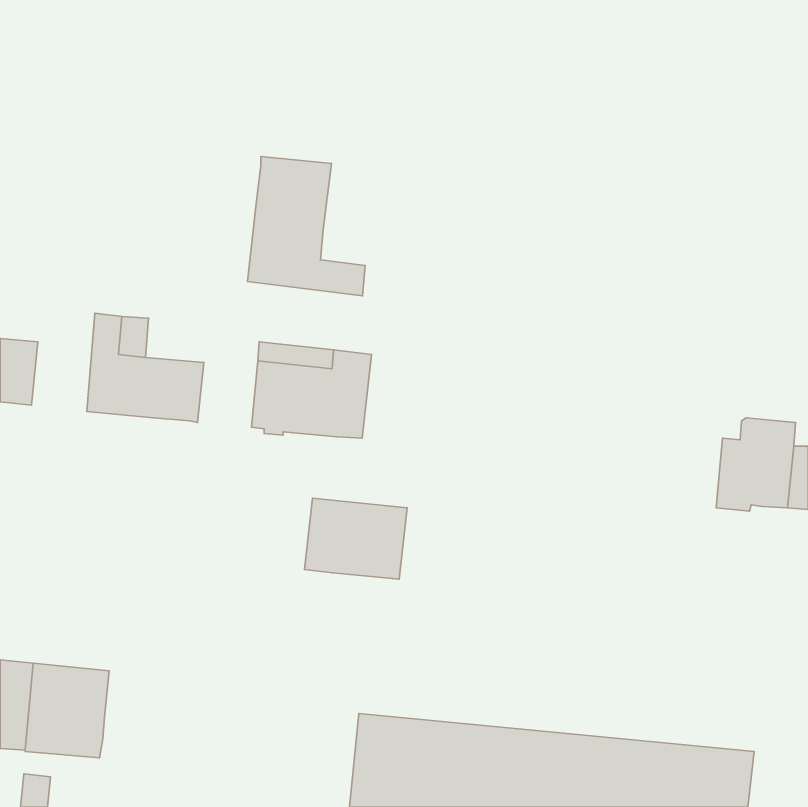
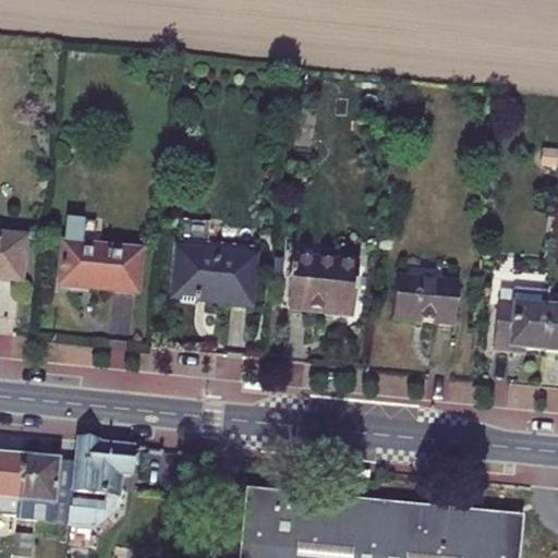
building: [247,156,365,296] -> none
building: none -> [391,276,460,323]
building: [304,498,407,579] -> [288,257,359,313]
building: none -> [68,440,134,543]

